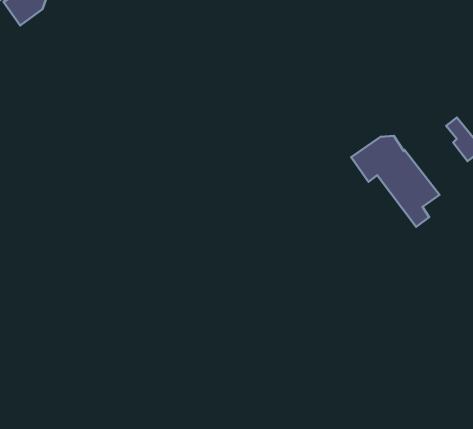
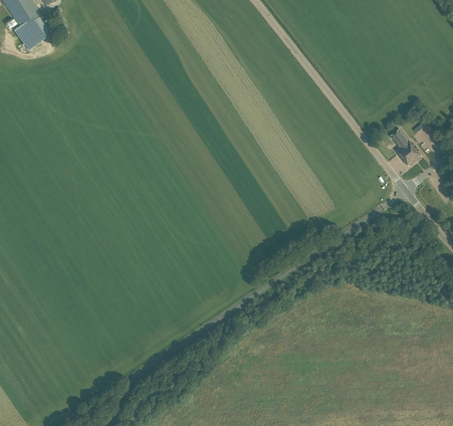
building: [351,136,439,227] -> none

